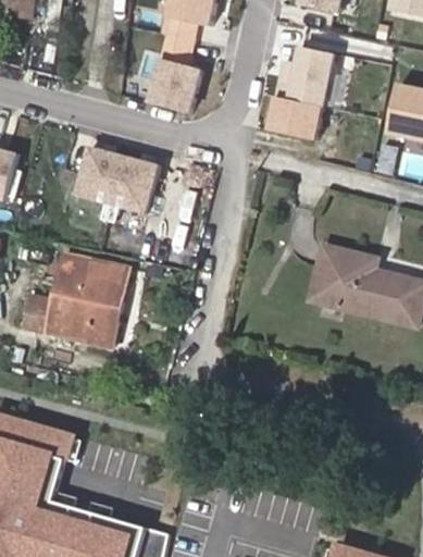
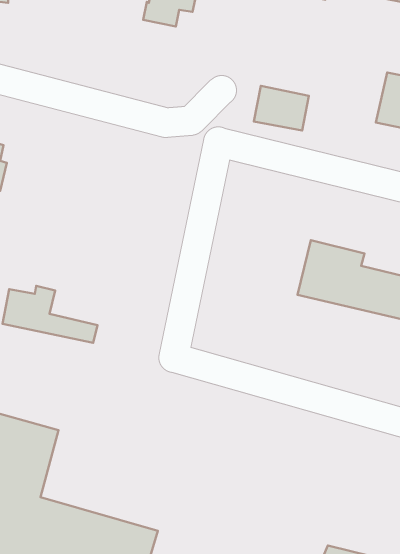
building: [276,48,333,109] -> none
building: [147,59,198,114] -> none
building: [80,146,164,223] -> none
building: [54,257,127,331] -> none

